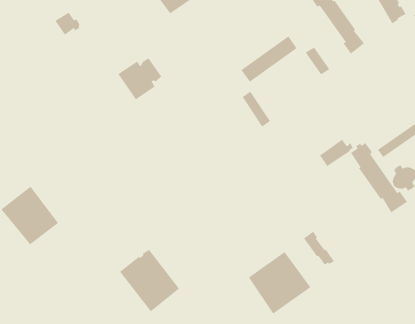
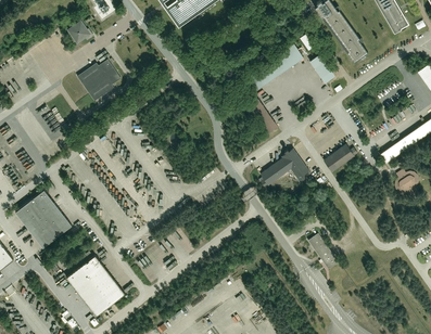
building: [117,57,162,100] -> [76,60,119,101]
building: [350,142,408,213] -> none
building: none -> [259,149,308,188]
building: [119,249,180,312] -> [65,256,124,317]
building: [248,251,311,315] -> none

